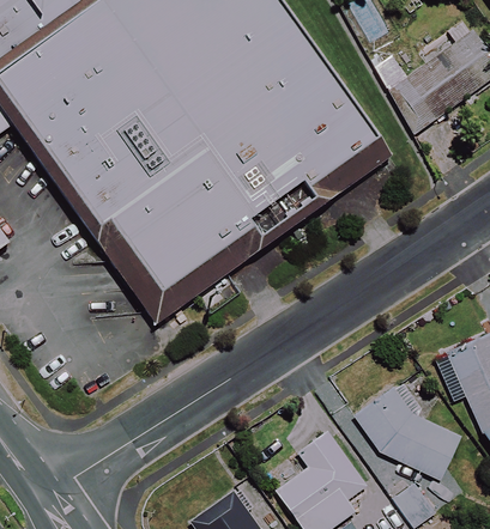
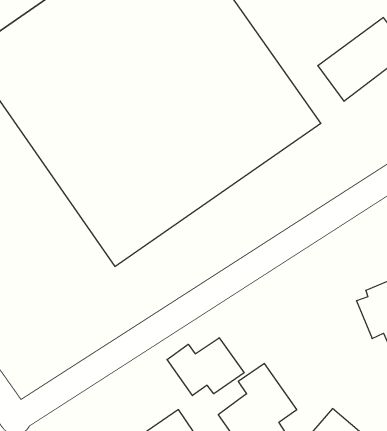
building: [350,379,456,476] -> none
building: none -> [167,338,244,396]

